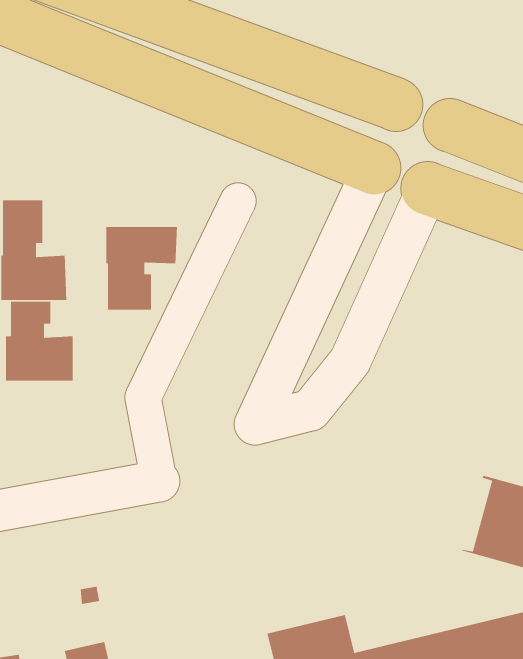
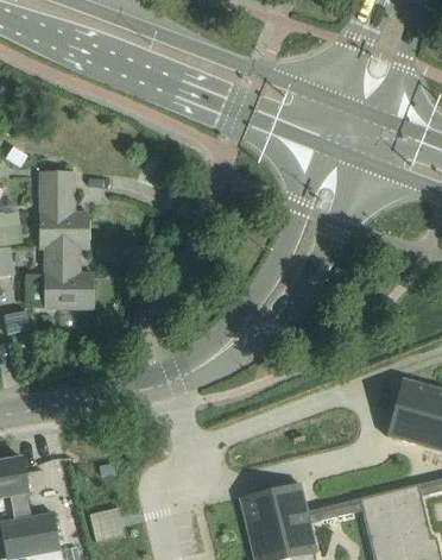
building: [106,226,178,310] -> none

